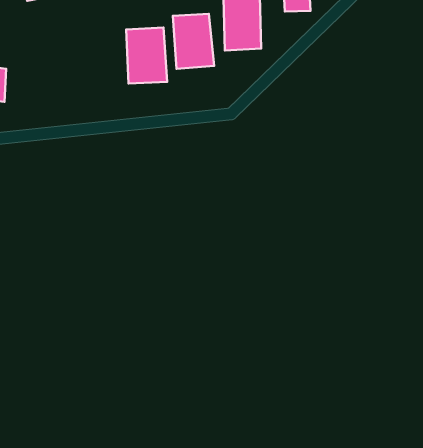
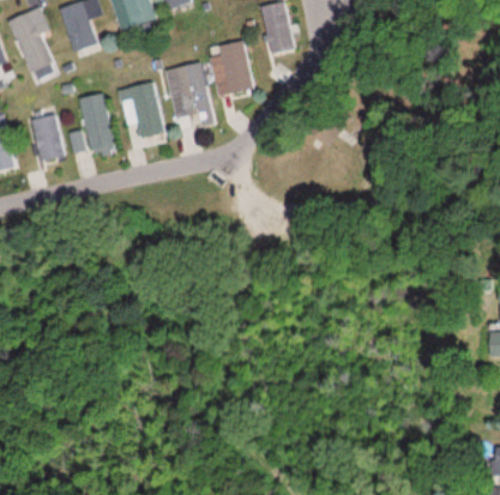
building: none -> [72,92,115,153]
building: none -> [30,113,67,161]

